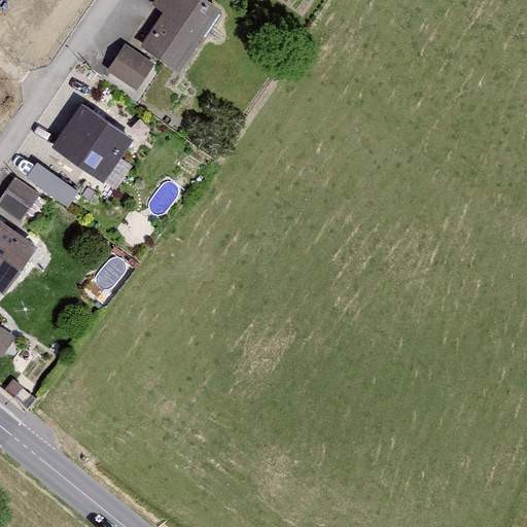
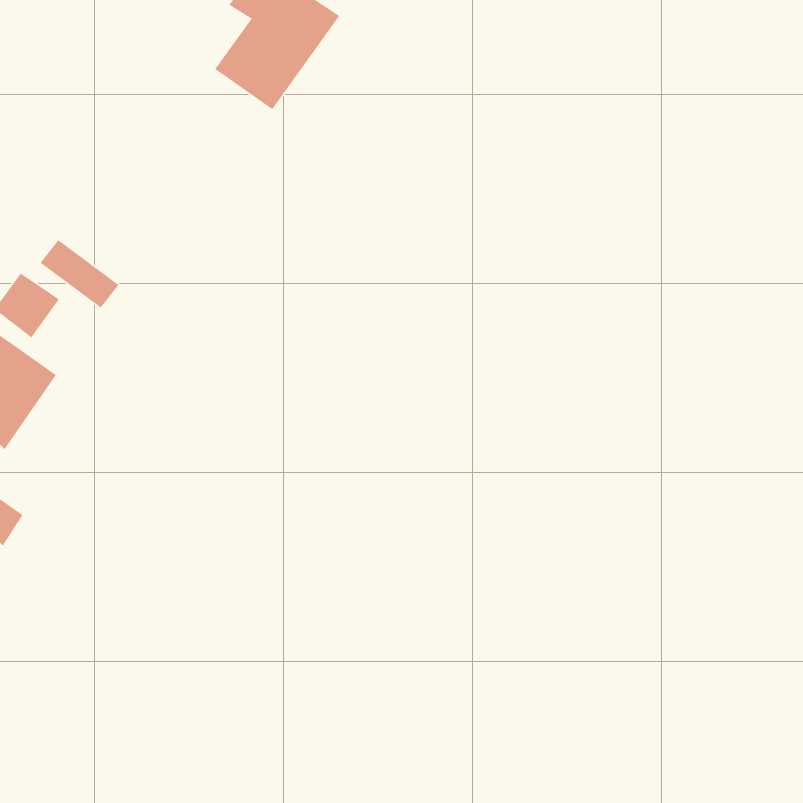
building: [106,43,154,91] -> none
building: [50,104,133,182] -> none

